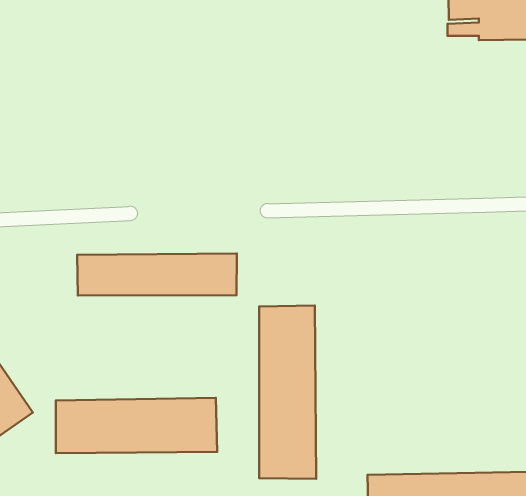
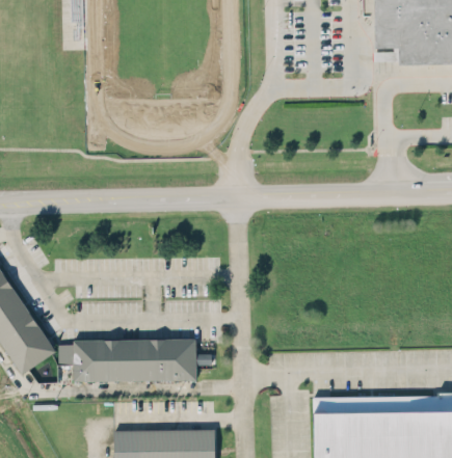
building: [77,254,237,295] -> none
building: [259,305,316,479] -> none

